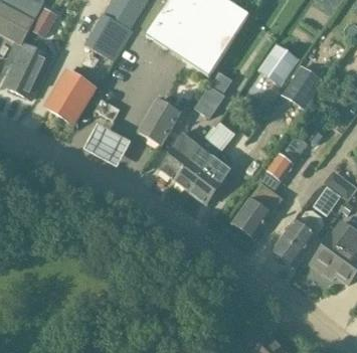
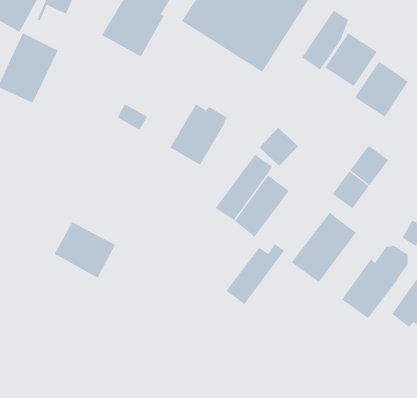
building: [45,68,96,124] -> none
building: [194,71,231,119] -> [301,10,349,70]
building: [83,124,132,168] -> [54,222,116,278]
building: [157,133,203,181] -> [225,243,285,305]

